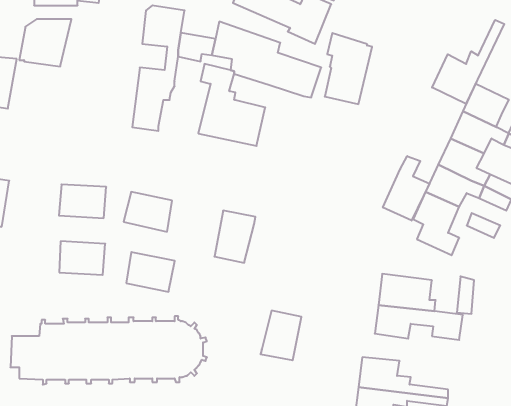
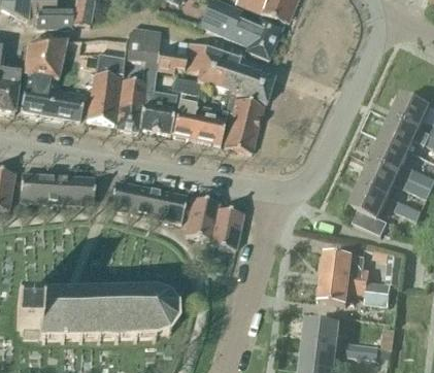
building: [432,20,504,104] -> none
building: [325,33,372,104] -> [225,93,264,151]
building: none -> [87,53,125,123]
building: none -> [21,73,85,118]
building: none -> [139,90,177,133]
building: [383,156,430,221] -> none
building: [59,241,105,275] -> [21,173,59,201]
building: [126,252,175,292] -> [146,189,187,222]
building: [260,311,301,360] -> [209,208,243,249]

